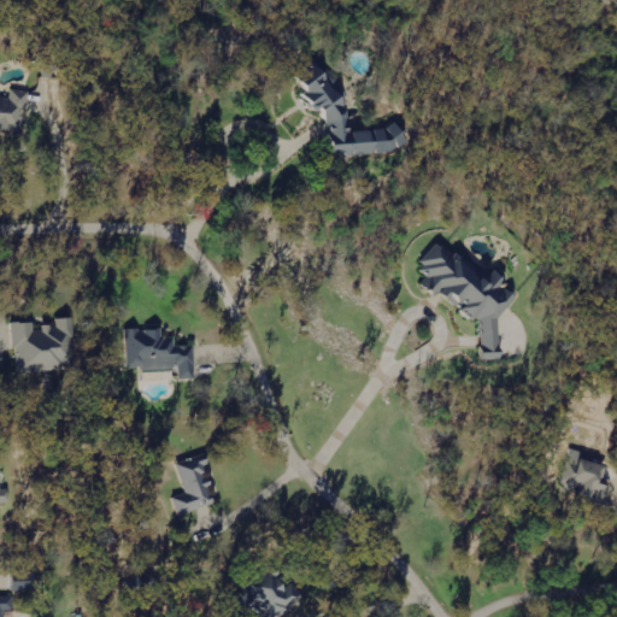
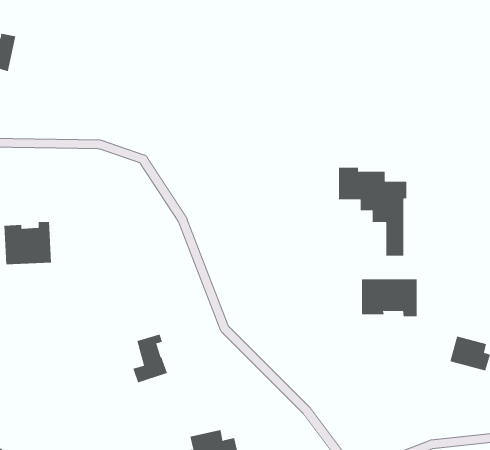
building: [304,72,406,155] -> none
building: [123,328,192,378] -> none
building: none -> [362,279,417,317]

